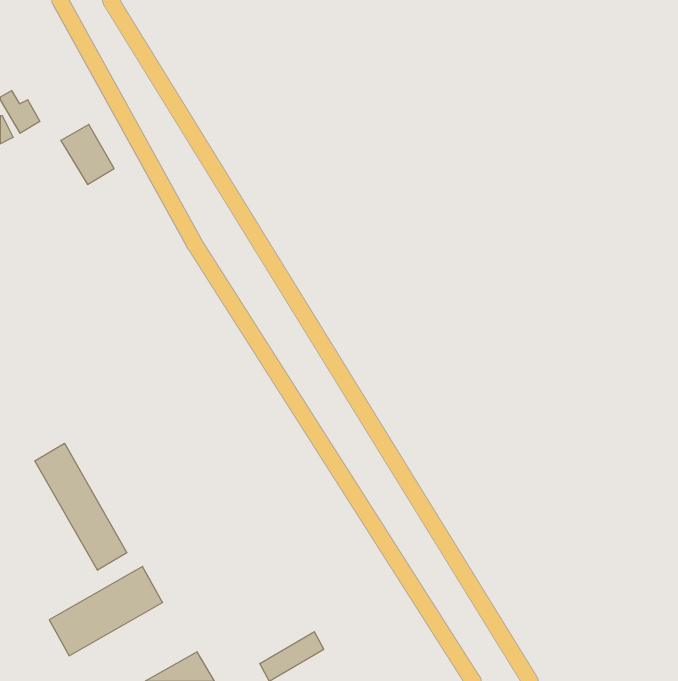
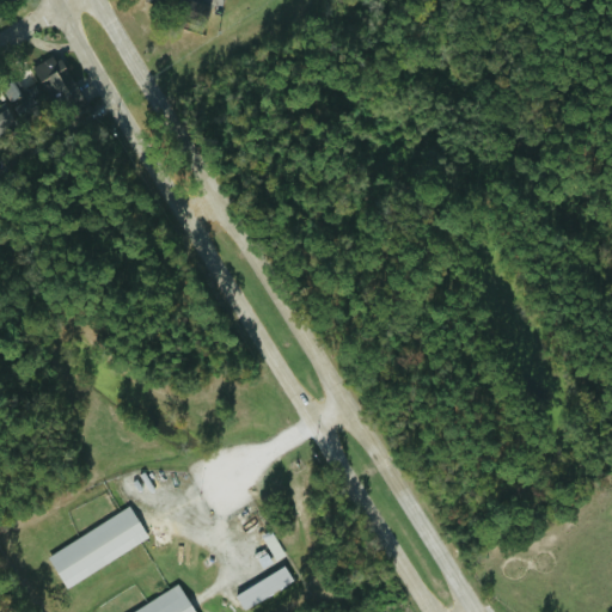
building: [61,124,114,184] -> [31,54,79,108]
building: [35,443,127,570] -> none

